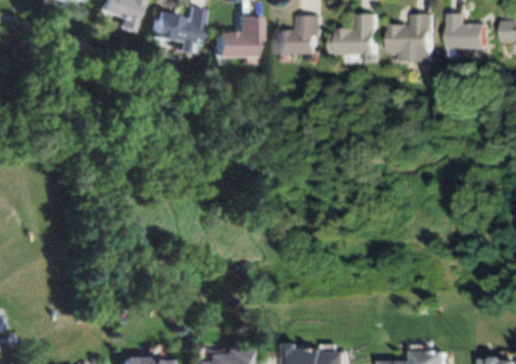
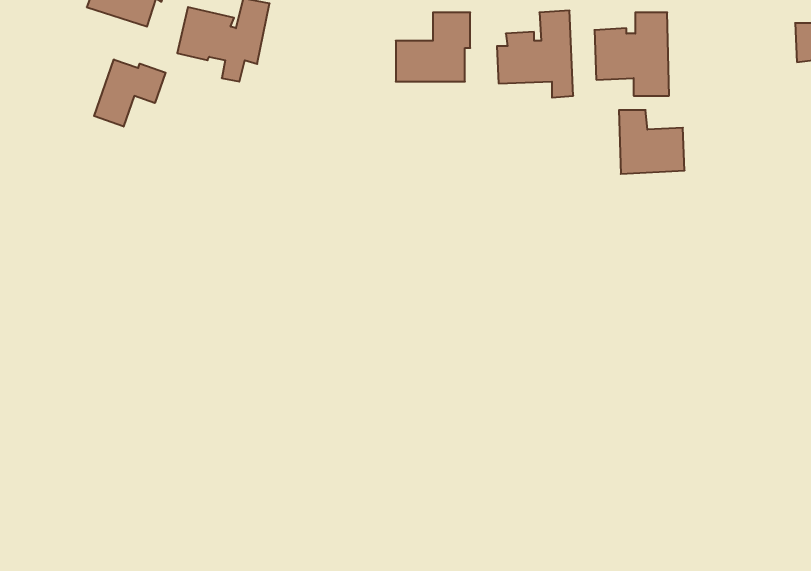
building: [449,13,486,50] -> [619,110,685,174]
building: [214,15,260,57] -> none
building: none -> [94,59,166,127]

